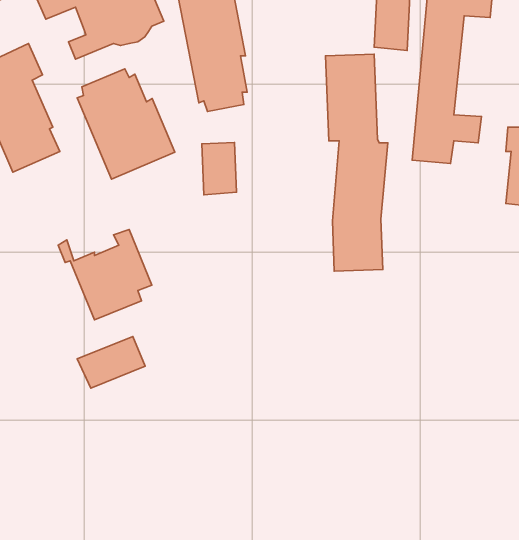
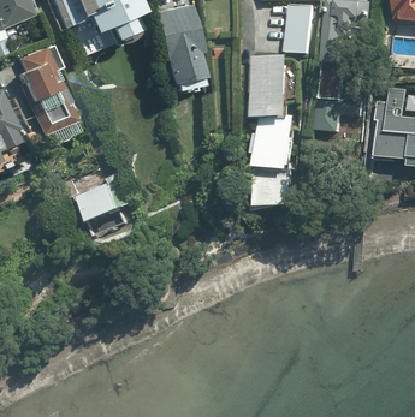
building: [77,69,175,179] -> none
building: [202,143,237,195] -> none
building: [77,336,145,388] -> none

